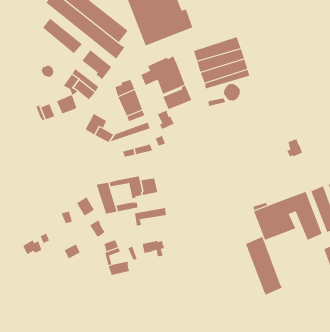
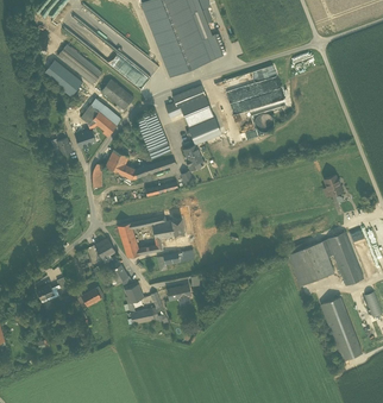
building: none -> [43,59,83,95]
building: [245,236,283,296] -> [321,296,362,360]

